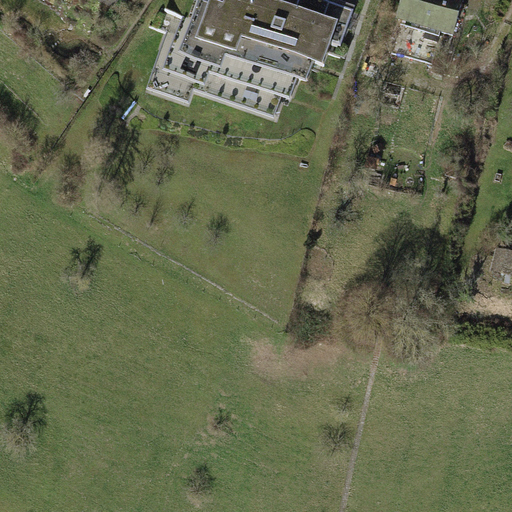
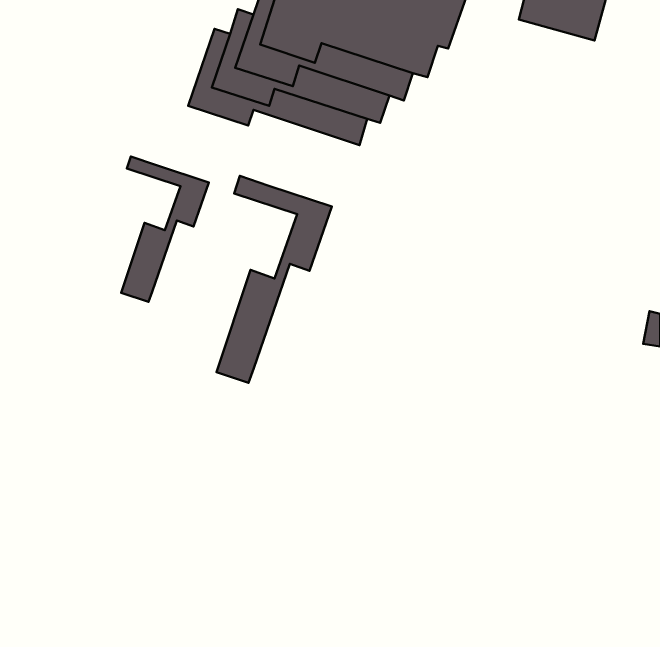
building: none -> [121,157,209,302]
building: none -> [216,176,332,383]

